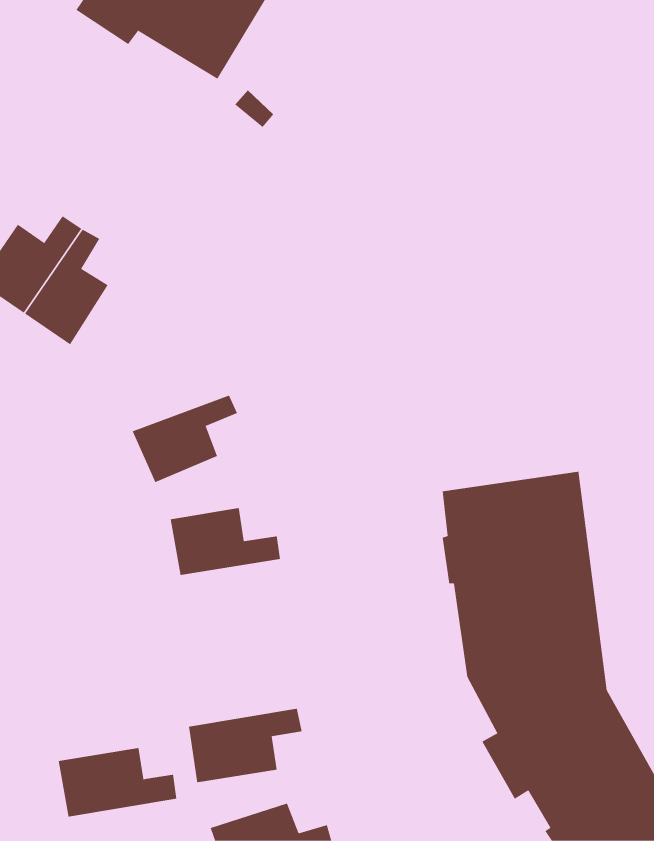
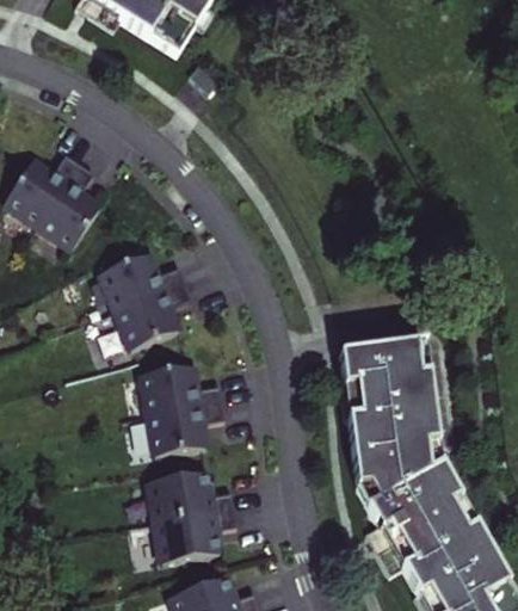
building: none -> [99,254,184,310]
building: none -> [148,402,224,453]
building: [58,747,177,817] -> [147,473,233,523]

